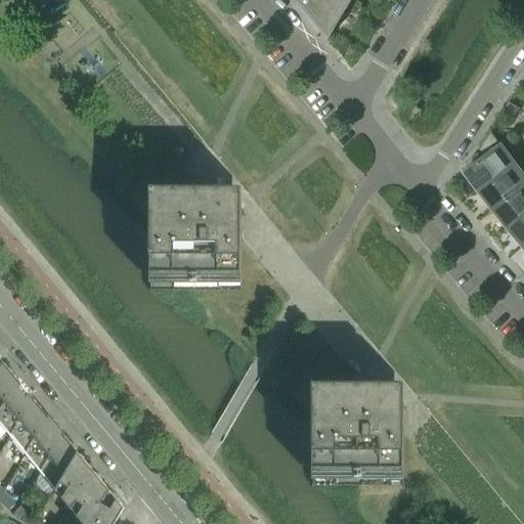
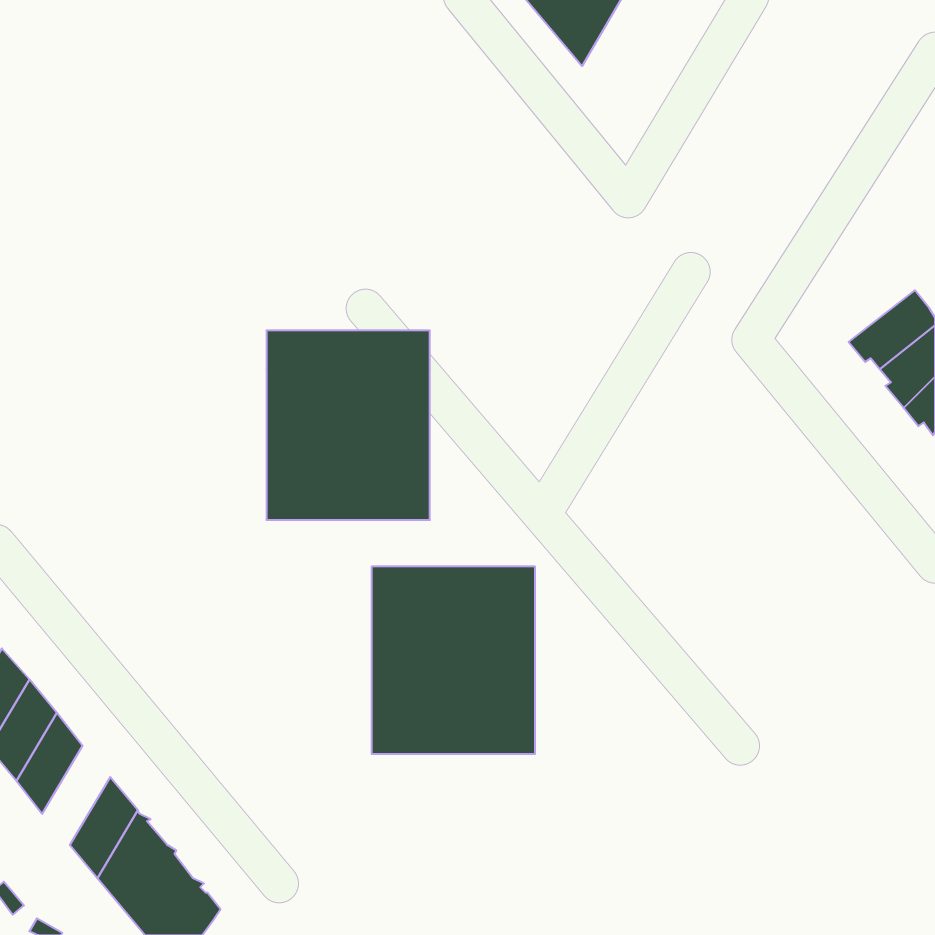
building: [462,129,510,190] -> none
building: [310,380,401,484] -> [372,567,535,754]
building: [24,416,61,471] -> none

